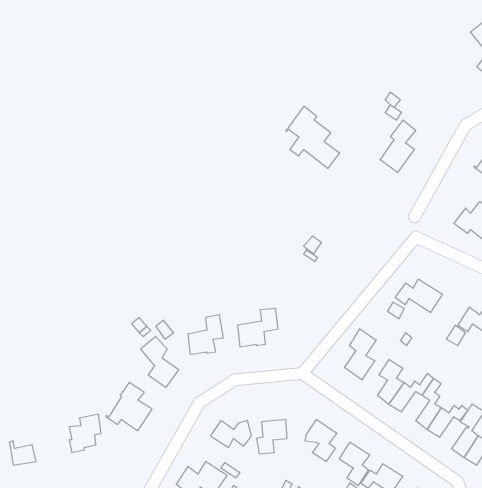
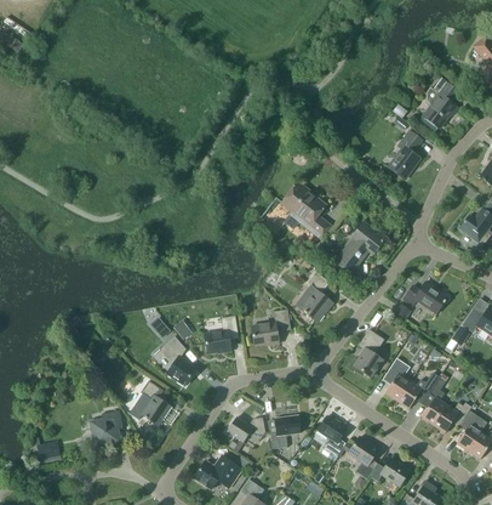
building: none -> [424,78,460,127]
building: [286,106,340,169] -> [281,181,332,240]
building: none -> [333,222,385,277]
building: none -> [296,272,333,322]

